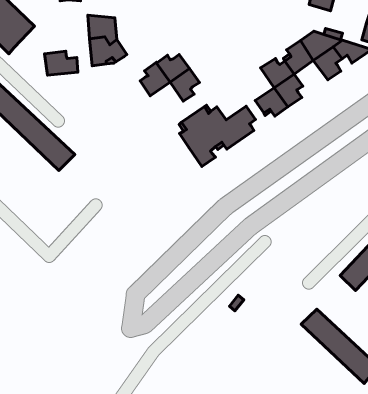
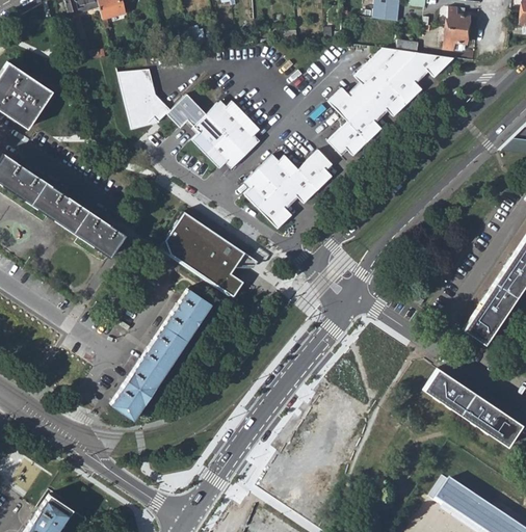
building: none -> [166,94,206,127]
building: [44,51,78,75] -> none
building: none -> [369,81,410,115]
building: none -> [205,134,244,168]
building: none -> [165,213,258,299]
building: none -> [113,292,213,421]

